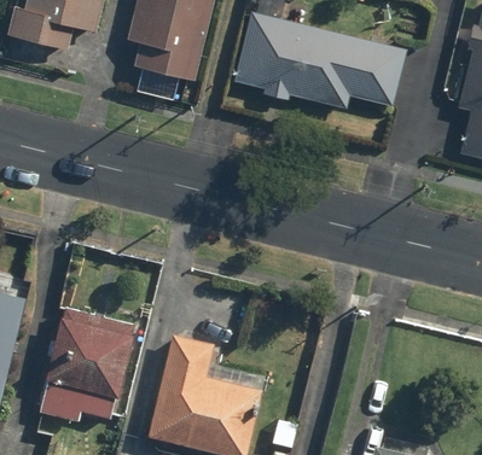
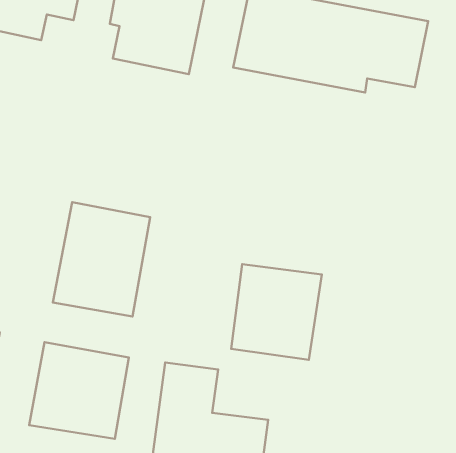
building: none -> [53,202,150,316]
building: none -> [231,264,322,360]

